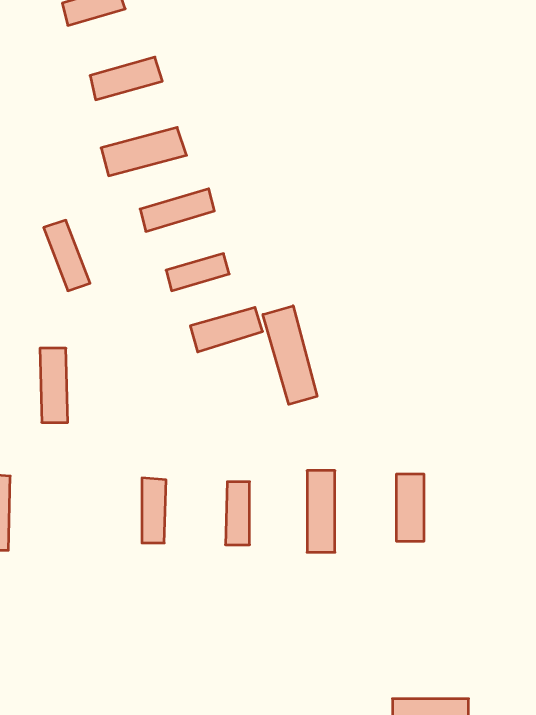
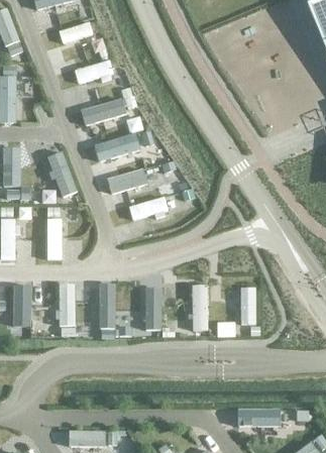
building: [263,306,317,404] -> none
building: none -> [59,285,75,326]

